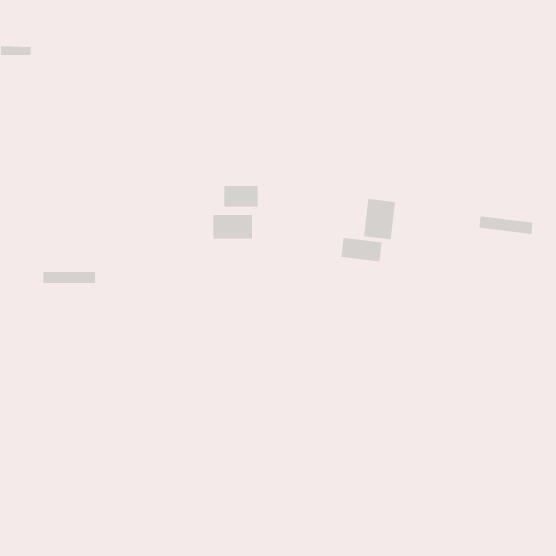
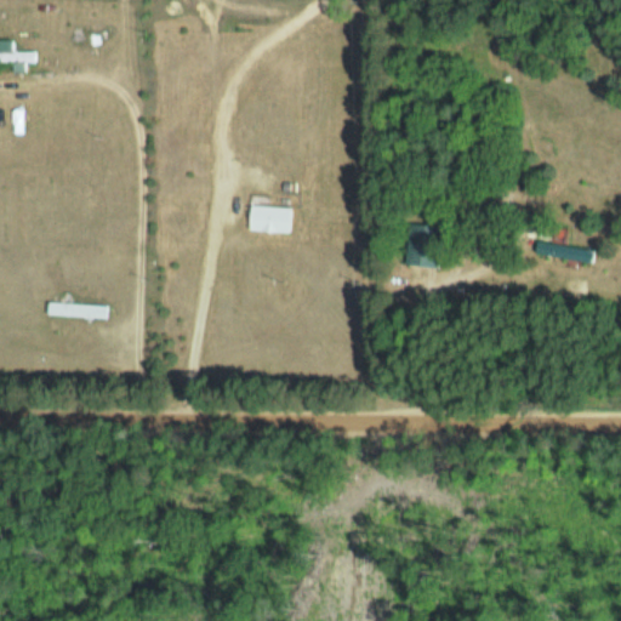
building: [213,214,253,240] -> none
building: [341,237,382,262] -> none

